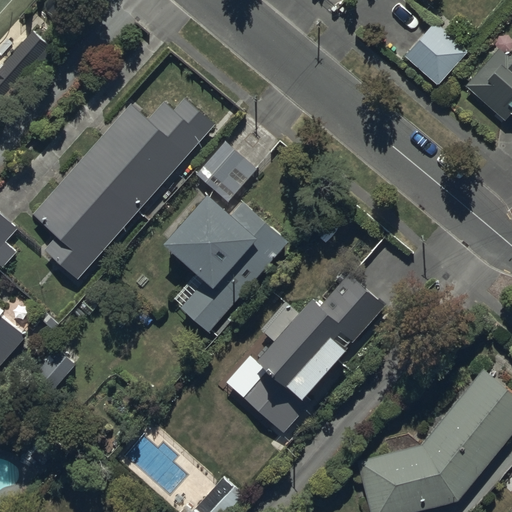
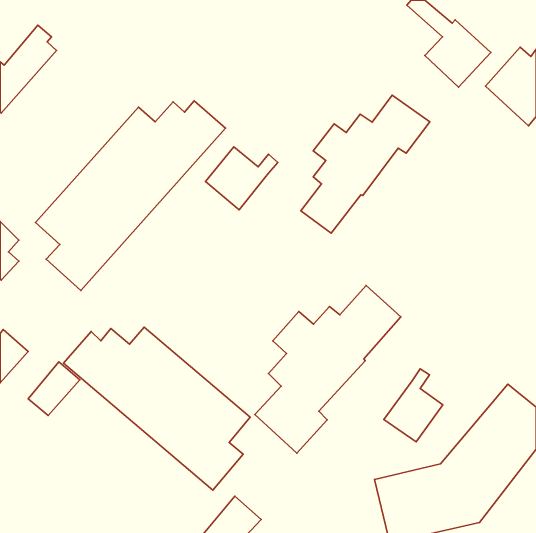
building: none -> [301,95,430,233]
building: [162,193,284,333] -> none
building: none -> [63,327,250,490]
building: none -> [384,369,443,442]

